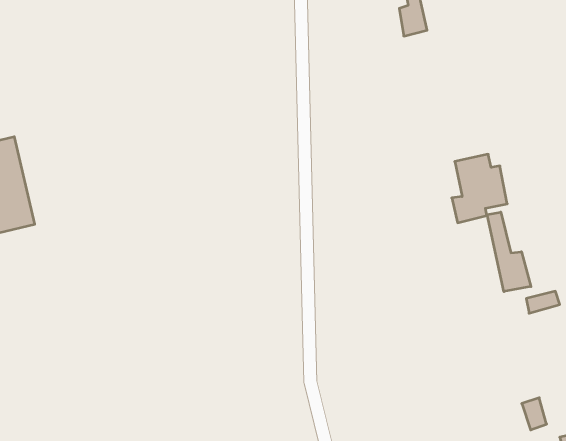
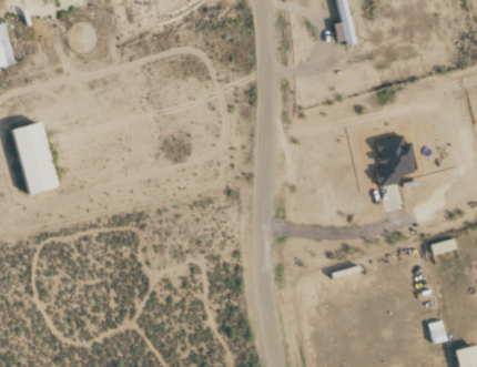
building: [487,212,531,292] -> none

